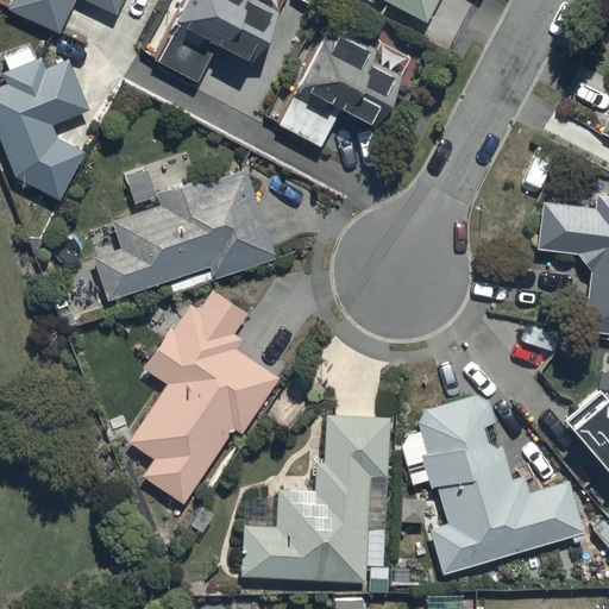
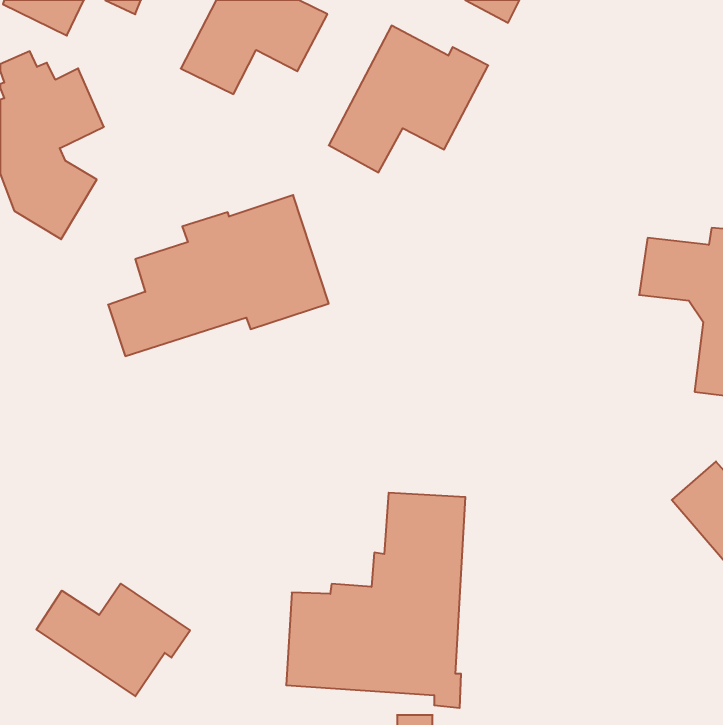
building: [127,291,280,506] -> none
building: [401,396,583,575] -> none
building: none -> [36,584,190,696]

